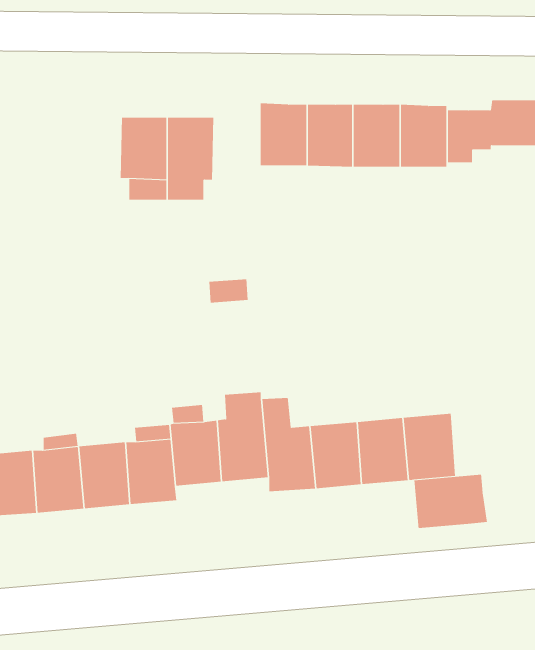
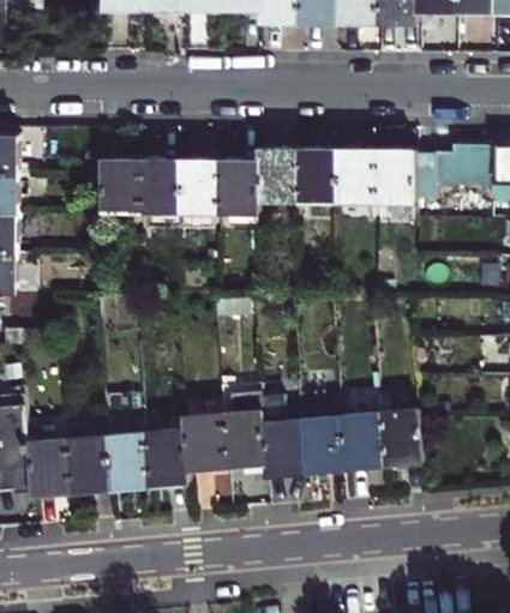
building: none -> [100,160,140,212]
building: none -> [217,161,257,214]
building: [414,474,487,529] -> none

